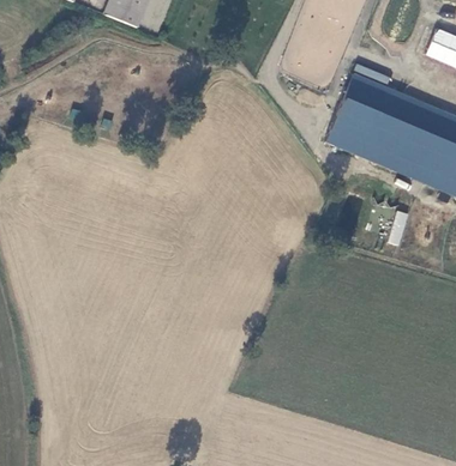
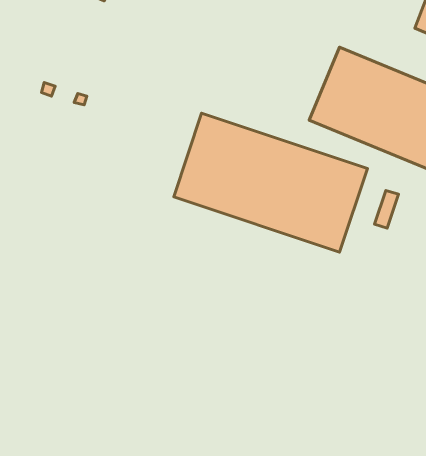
building: none -> [174,113,367,252]

